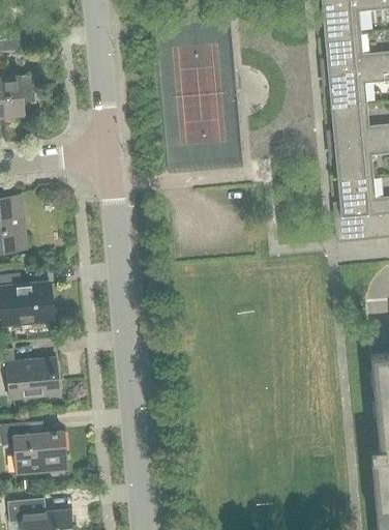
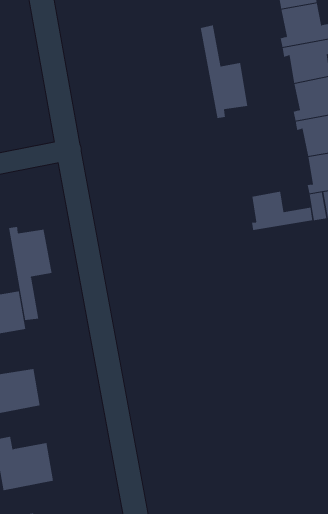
building: none -> [200,25,248,119]
building: none -> [252,191,313,231]
building: none -> [9,226,52,321]

